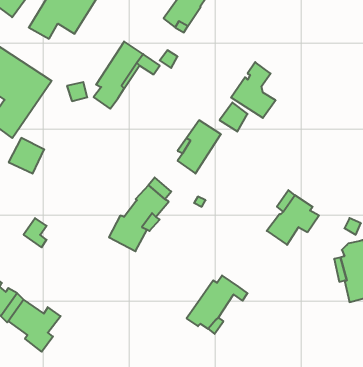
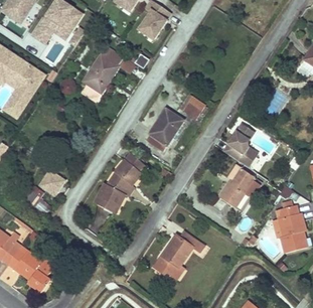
building: [231,62,276,118] -> [222,121,258,165]
building: [9,138,44,174] -> [37,167,65,195]

